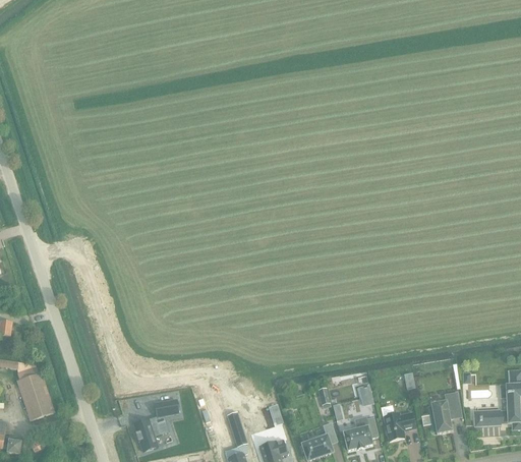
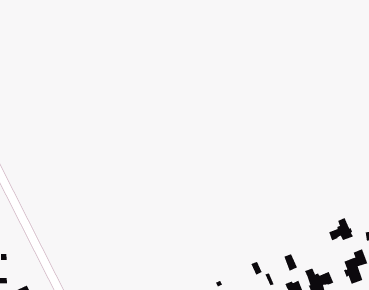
building: none -> [328,217,354,241]

